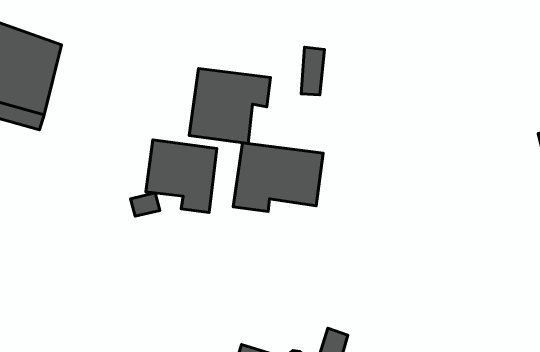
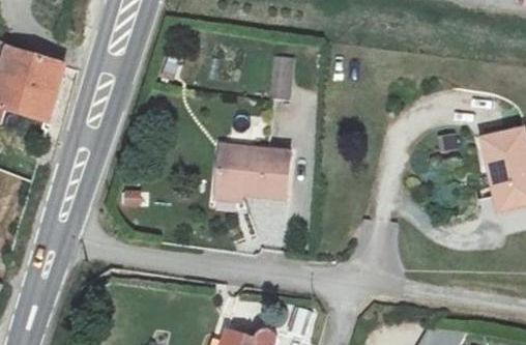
building: [189,68,271,143] -> none
building: [146,140,217,212] -> none

